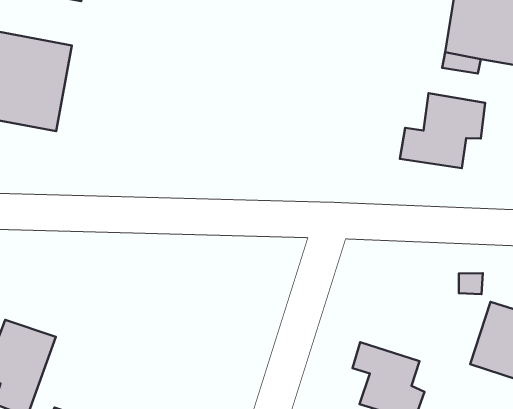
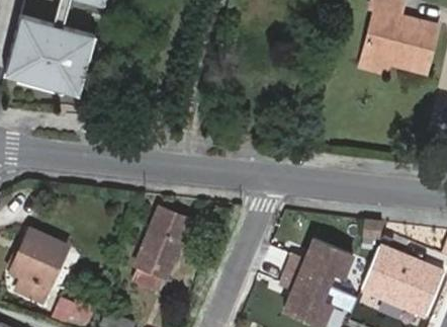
building: [400,93,485,168] -> none
building: none -> [135,209,190,288]
building: none -> [285,238,351,284]

